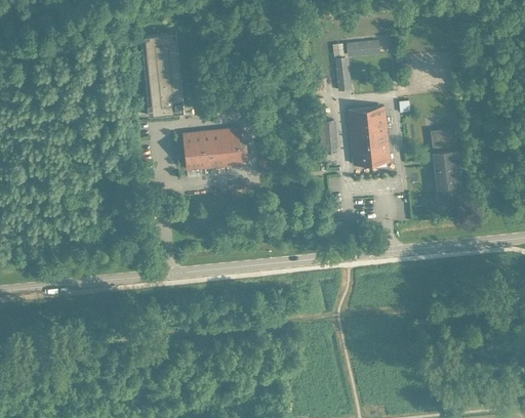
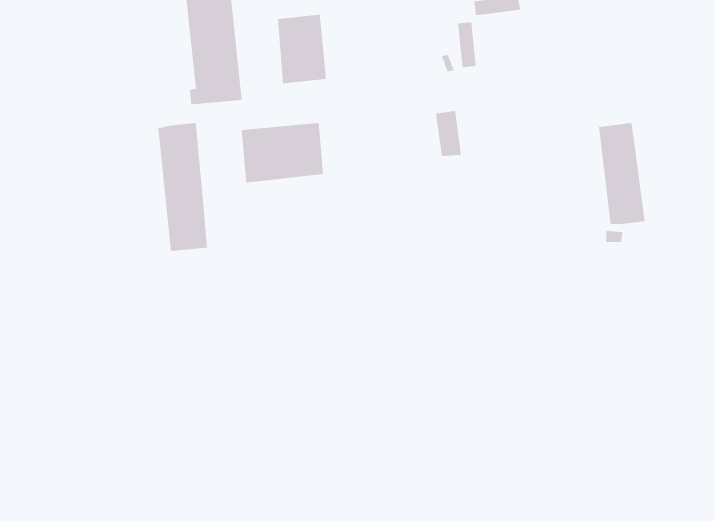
building: none -> [277,14,326,84]
building: [347,106,390,165] -> none
building: none -> [158,122,208,252]

